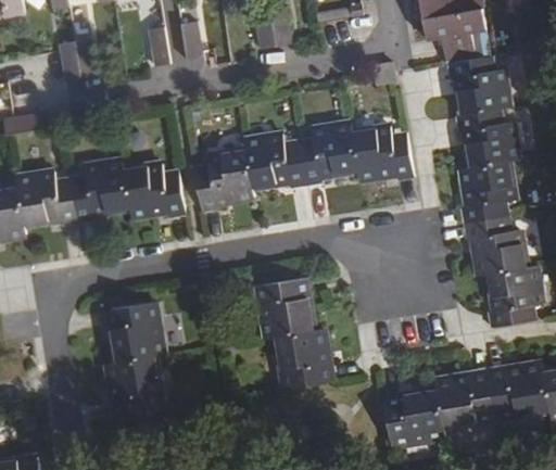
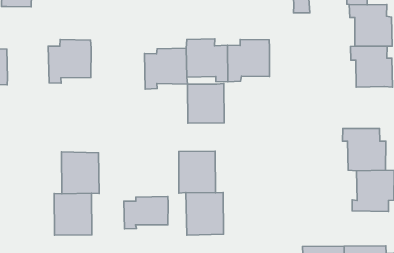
building: [354,127,416,180] -> none
building: [460,161,515,223] -> none
building: [126,164,187,217] -> none
building: [17,170,79,225] -> none
building: none -> [187,84,224,123]
building: none -> [124,197,168,229]

